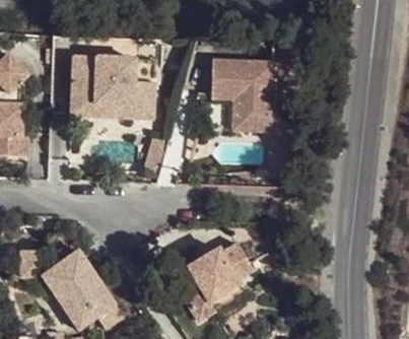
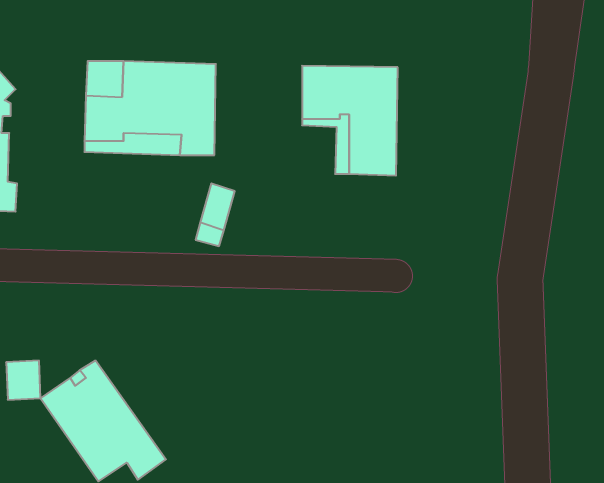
building: [180,242,253,319] -> none

